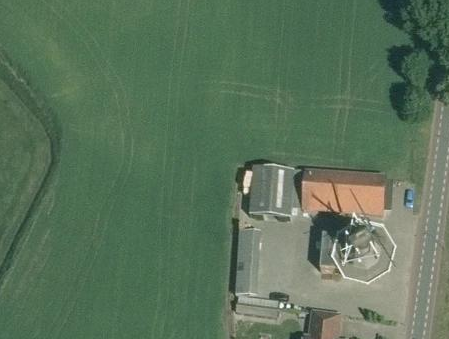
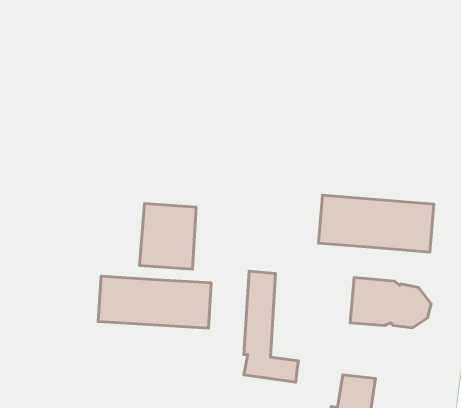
building: [249,167,294,219] -> [139,204,196,269]
building: none -> [98,276,211,328]

